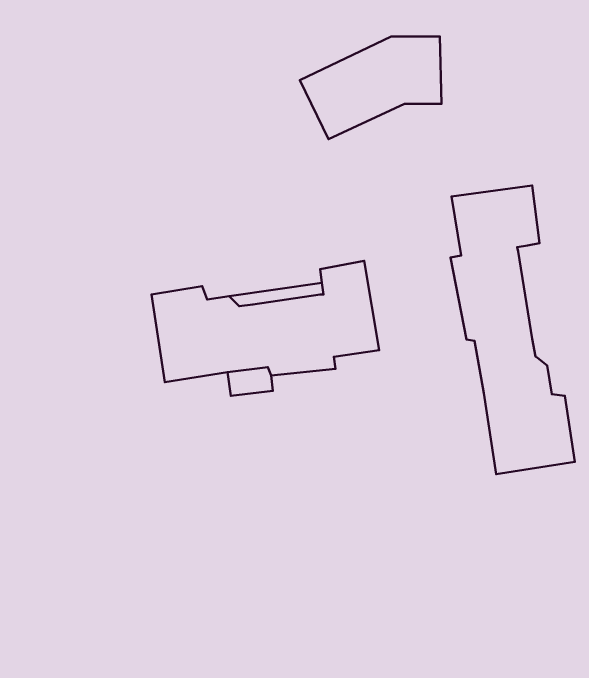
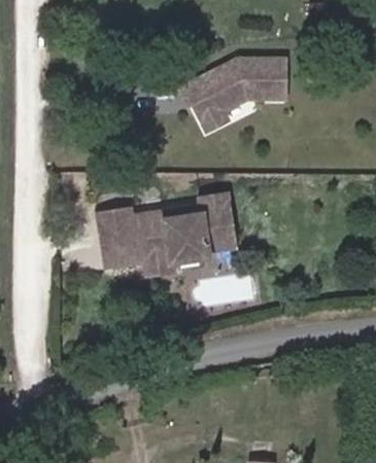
building: [451,186,575,474] -> none

